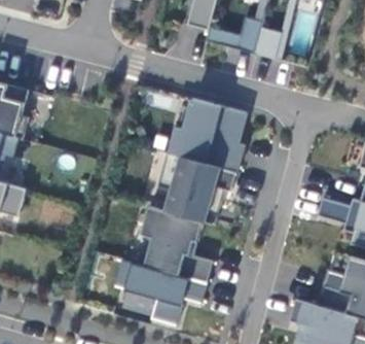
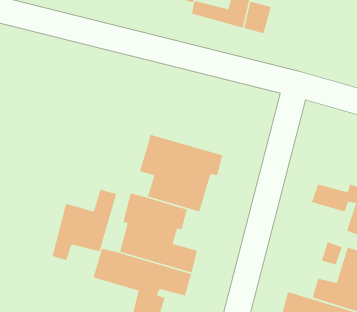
building: [171,98,246,171] -> none
building: none -> [52,189,117,261]

